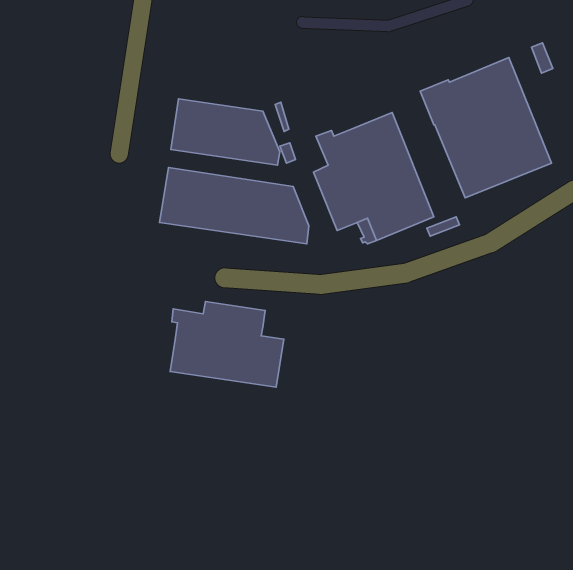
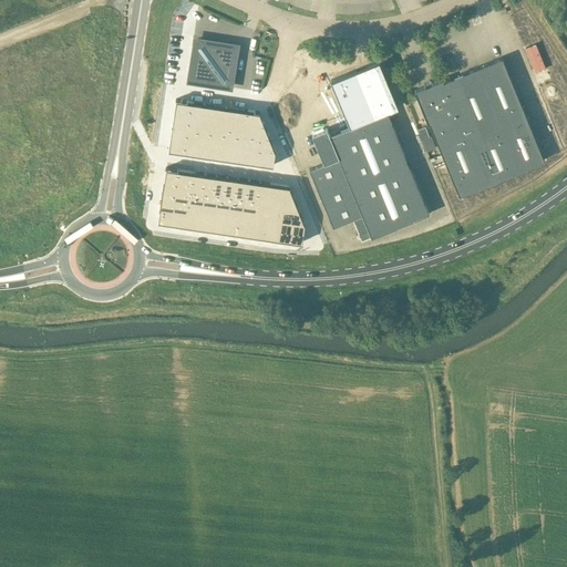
building: none -> [190,44,237,87]
building: none -> [331,64,400,131]
building: [170,301,284,387] -> none

